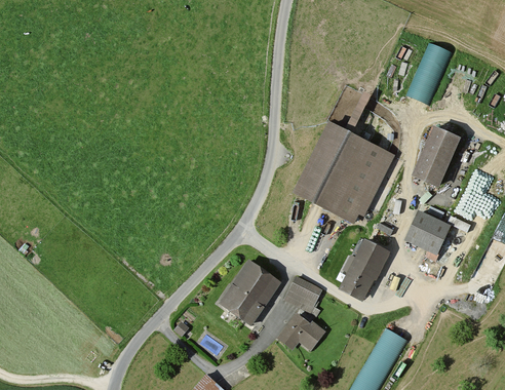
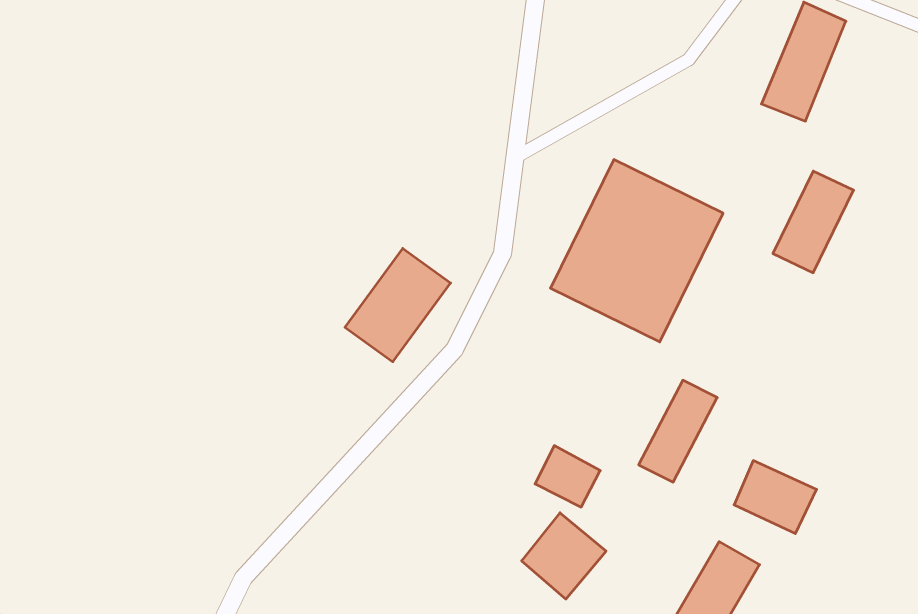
building: [404,216,449,255] -> [734,461,817,534]
building: [222,262,278,322] -> [345,248,451,362]

